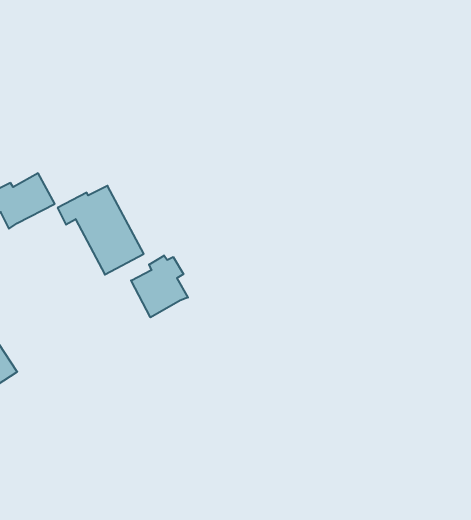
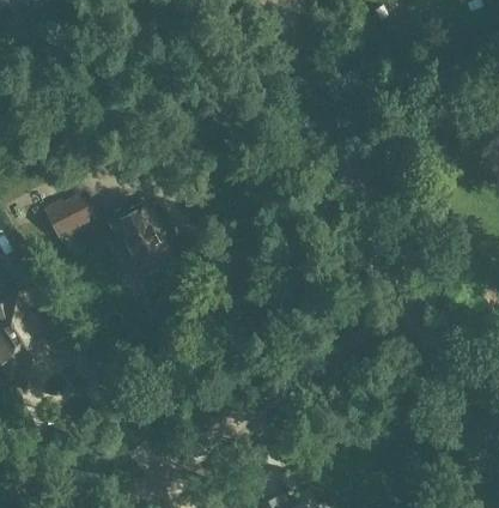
building: [131,255,188,317] -> none

